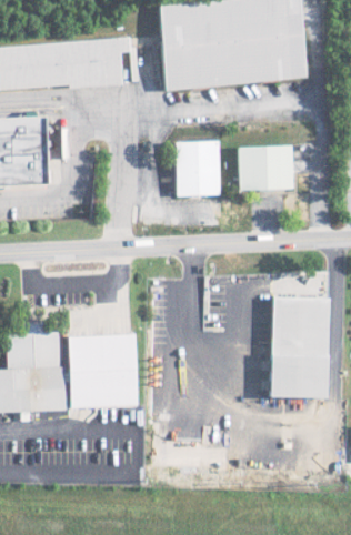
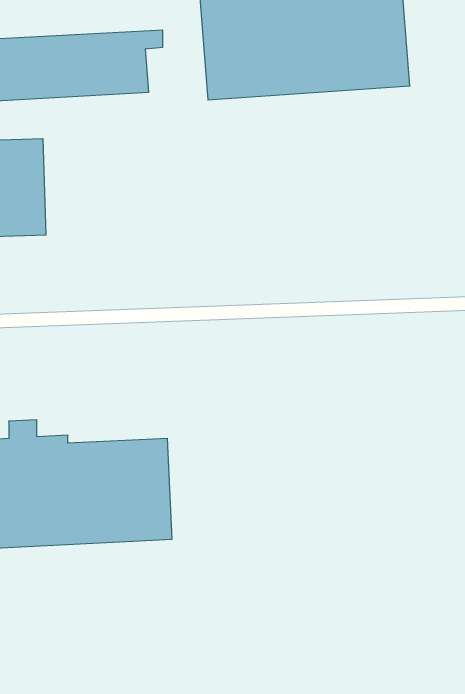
building: [177,141,223,196] -> none
building: [239,147,295,191] -> none
building: [271,295,330,396] -> none

